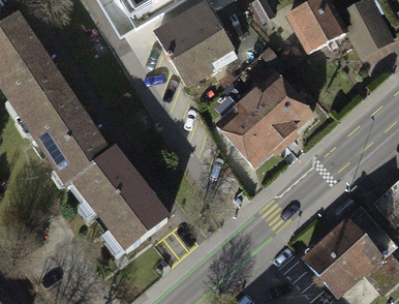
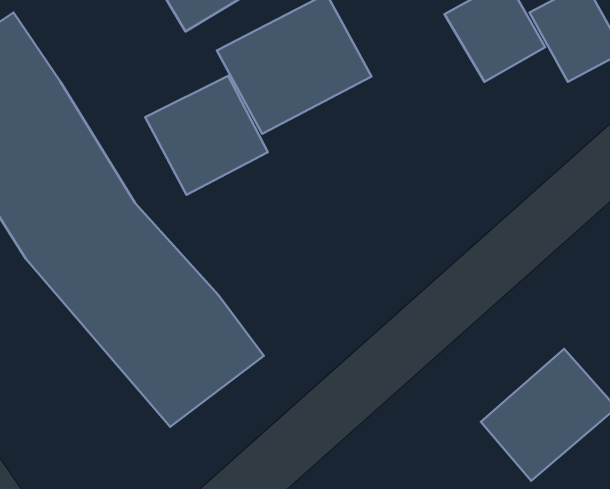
building: none -> [145,76,268,195]
building: [217,72,316,168] -> none

